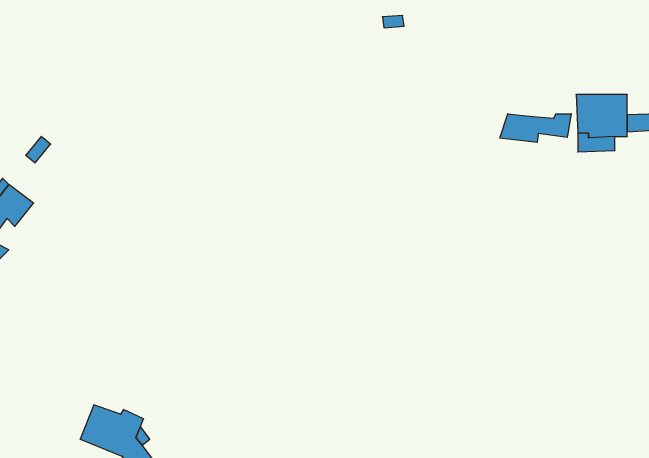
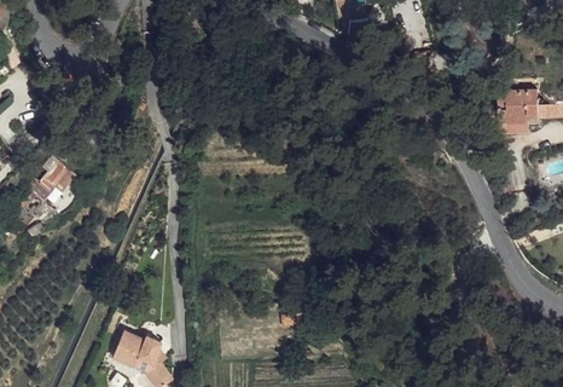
building: [500,114,571,142] -> none

